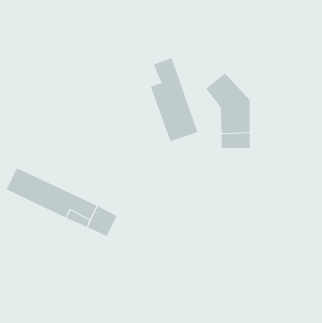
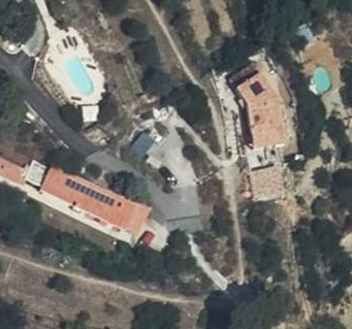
building: [150,57,198,142] -> none

